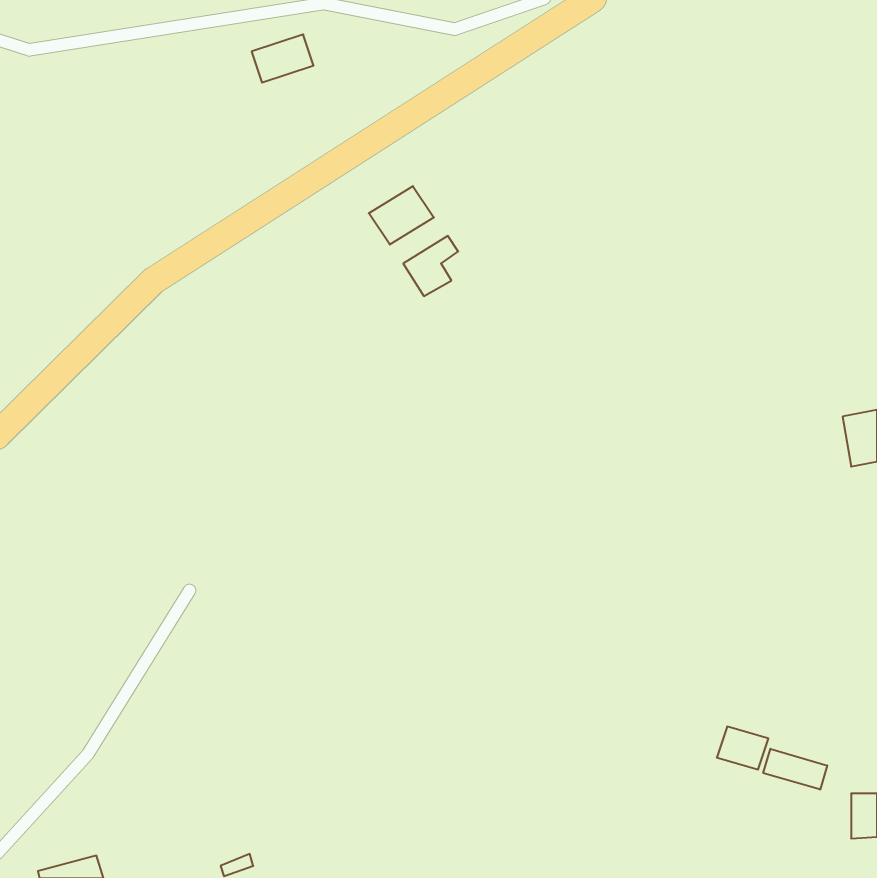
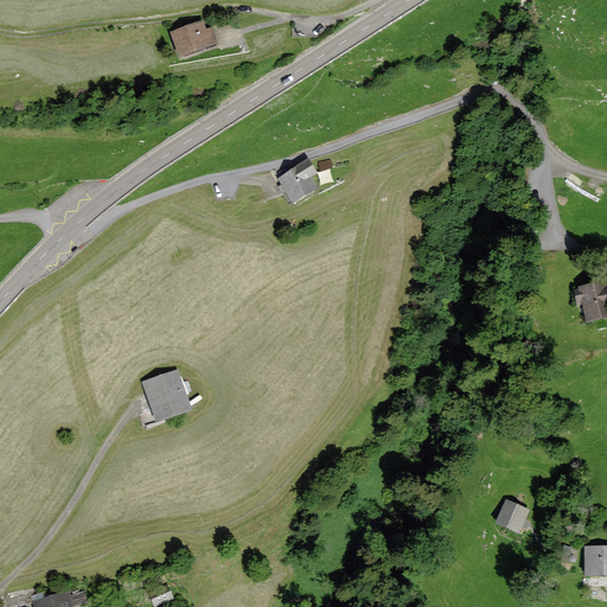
building: [369,186,434,245] -> none
building: none -> [142,370,189,418]
building: [763,749,827,790] -> none

